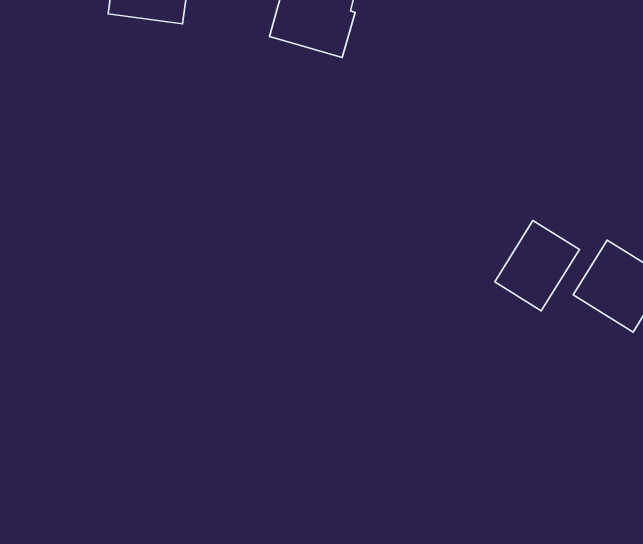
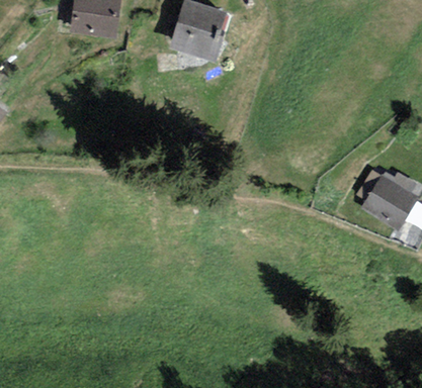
building: [495,220,579,311] -> none

